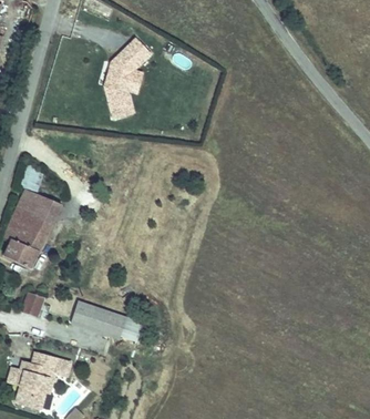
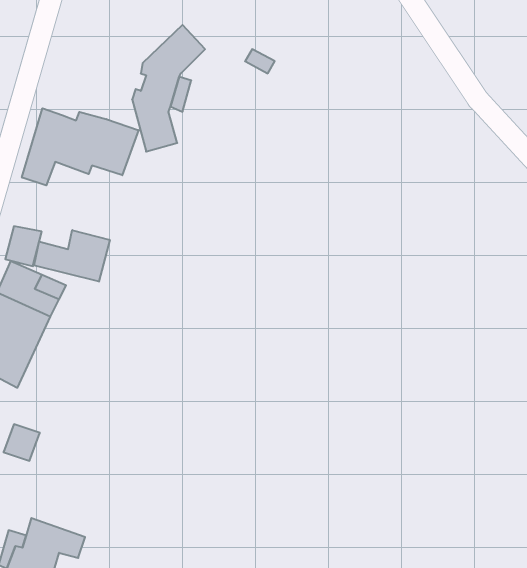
building: none -> [22,108,139,185]
building: none -> [34,230,110,282]
building: [70,299,124,337] -> none

